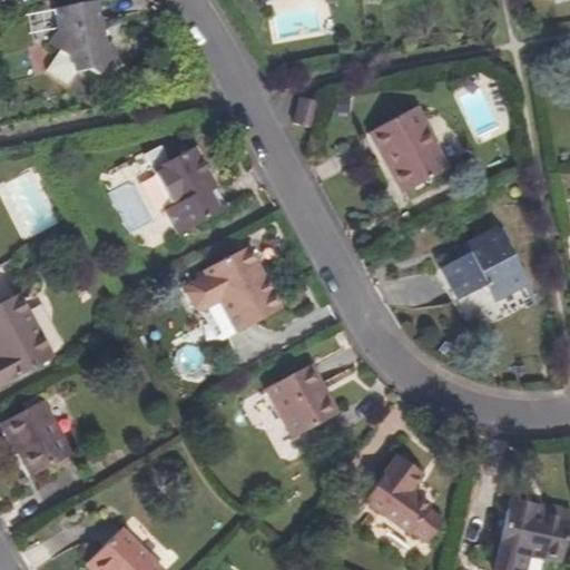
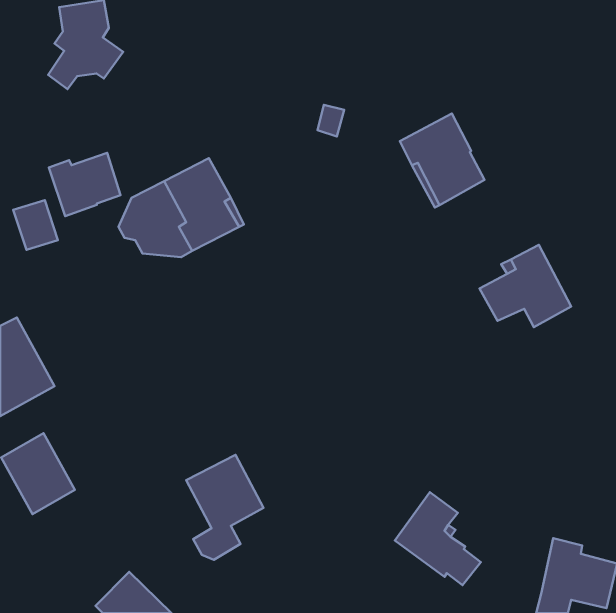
building: none -> [49,153,120,216]
building: [185,245,282,331] -> none
building: [266,363,337,460] -> [186,455,263,560]

